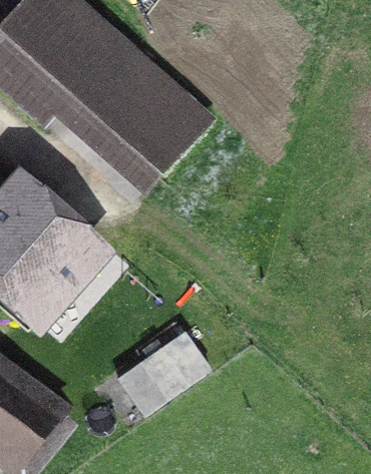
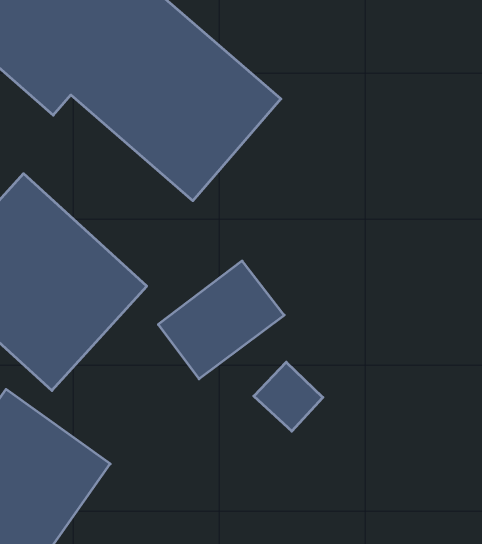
building: [111,328,205,415] -> [158,261,284,379]

